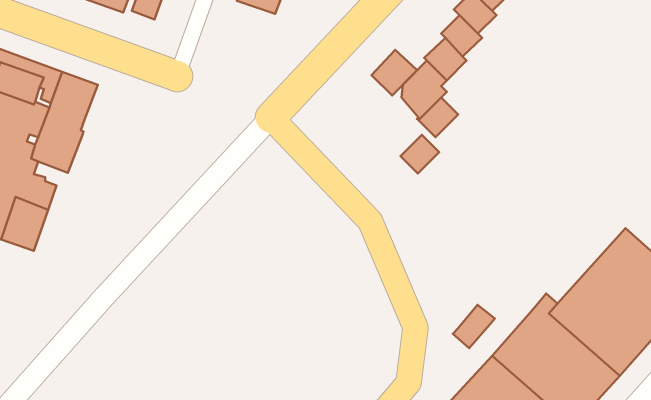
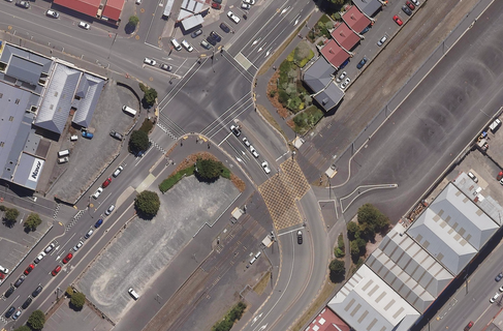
building: [372,50,417,96] -> none
building: none -> [66,68,102,126]
building: [401,135,439,174] -> none
building: [453,305,495,348] -> none

